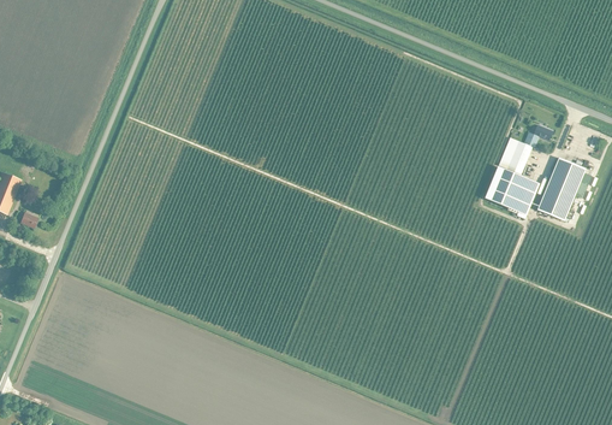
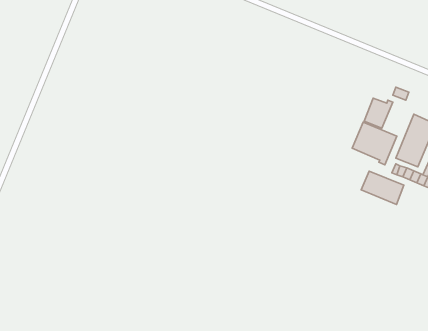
building: none -> [361,171,404,205]

